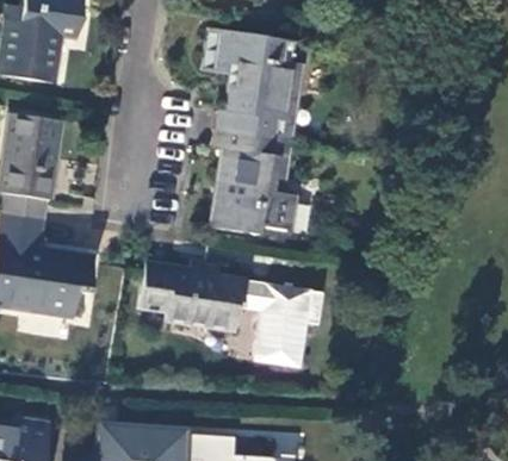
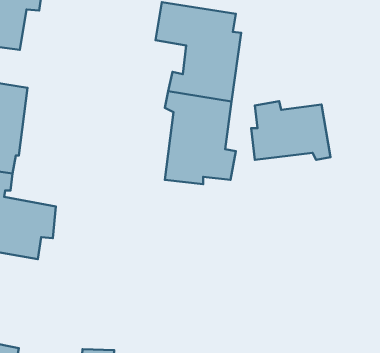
building: none -> [251,101,331,160]
building: [137,262,320,368] -> none

